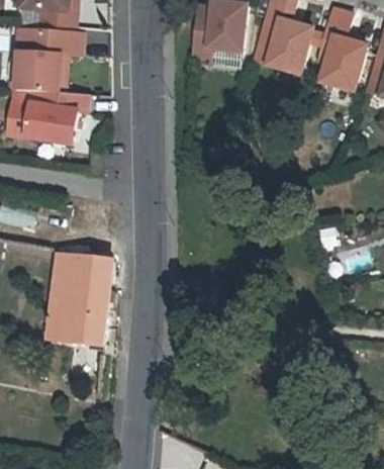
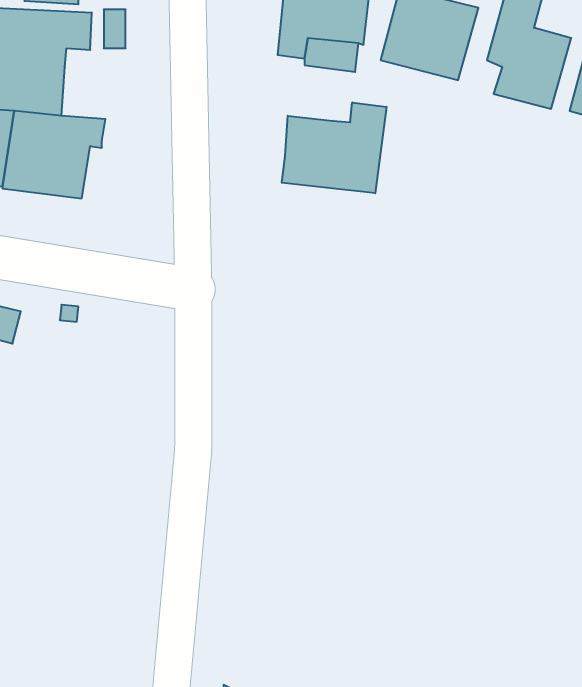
building: none -> [282,102,386,193]
building: [49,255,113,346] -> none

